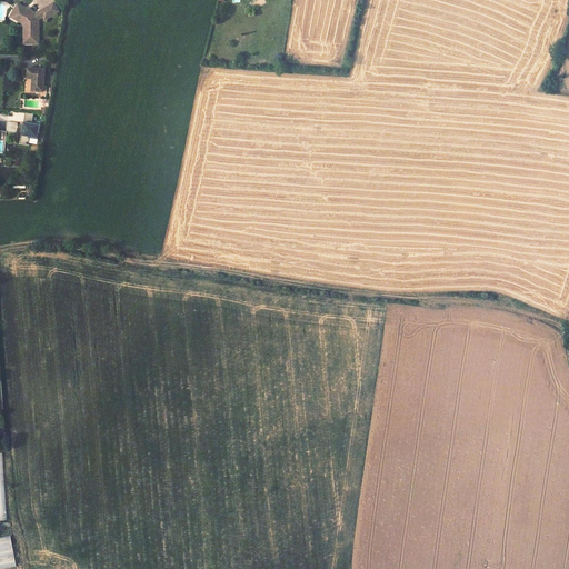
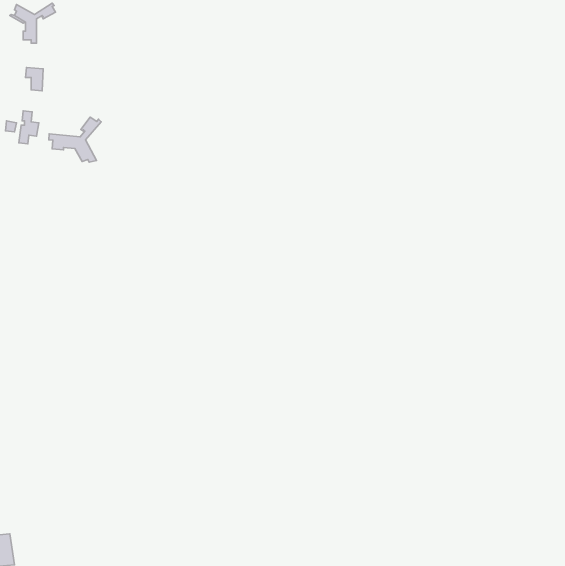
building: none -> [49,117,101,162]

